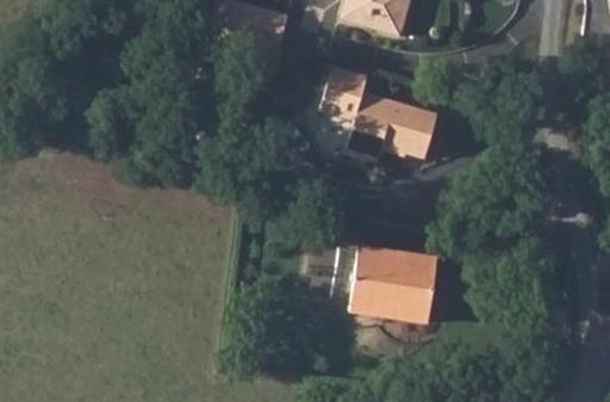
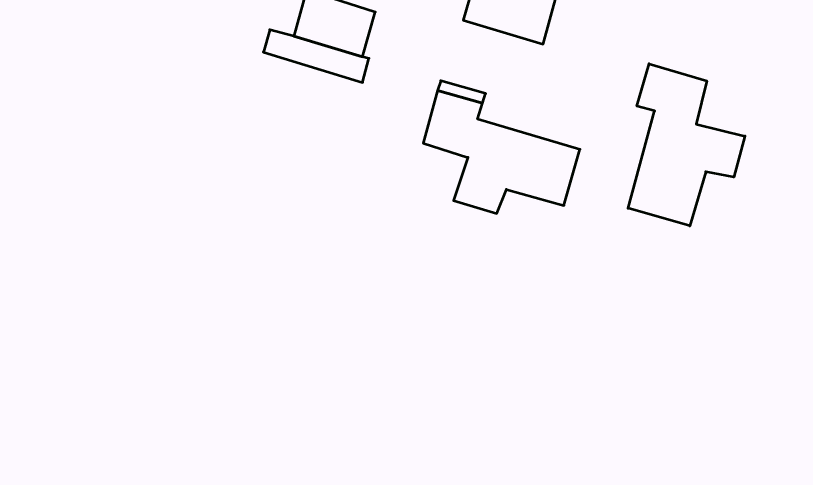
building: none -> [628,64,745,226]
building: [355,242,442,317] -> none

